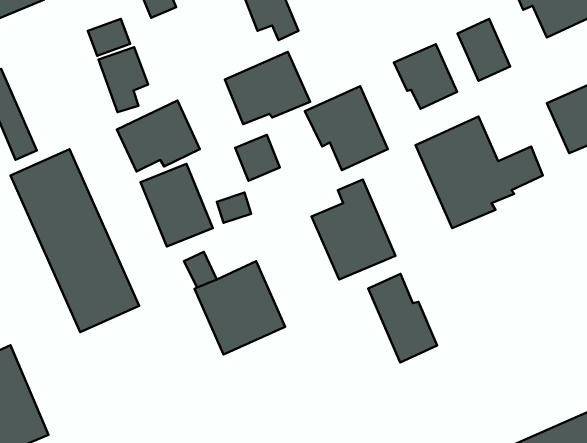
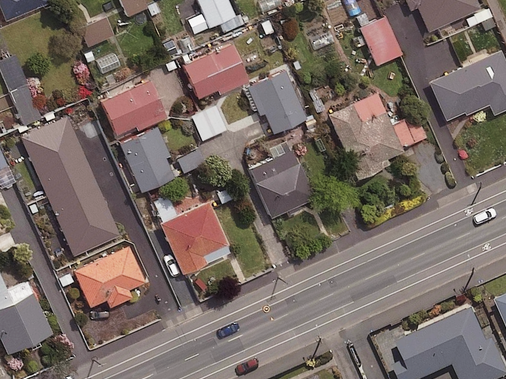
building: [394,44,457,109] -> none
building: [98,47,148,112] -> none
building: [368,274,437,362] -> none
building: none -> [74,245,144,305]

